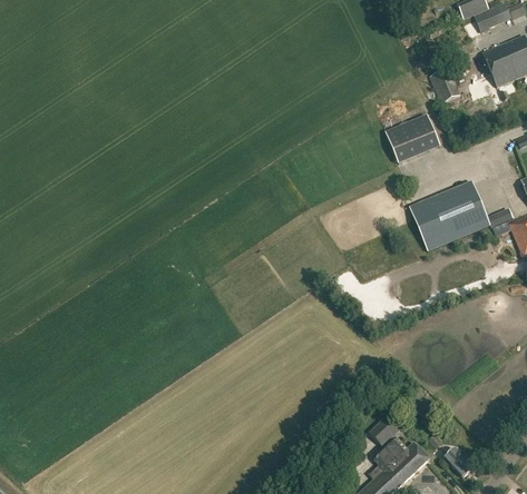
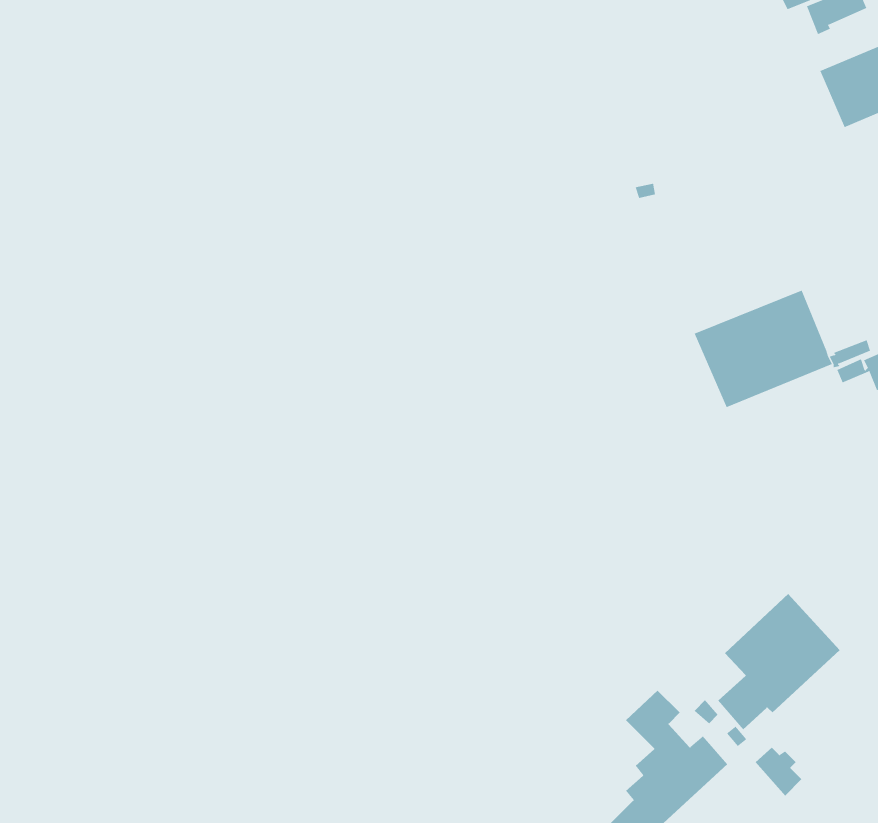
building: [430,68,460,102] -> none
building: [389,110,443,159] -> none
building: none -> [717,593,841,730]

